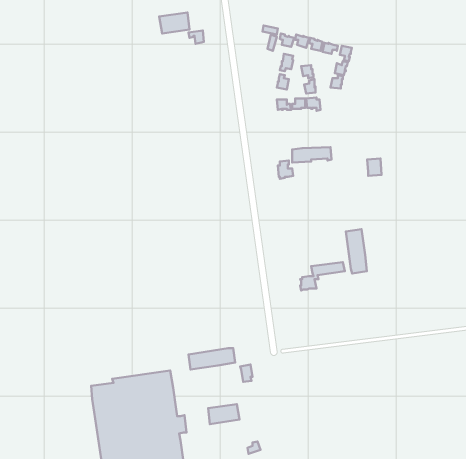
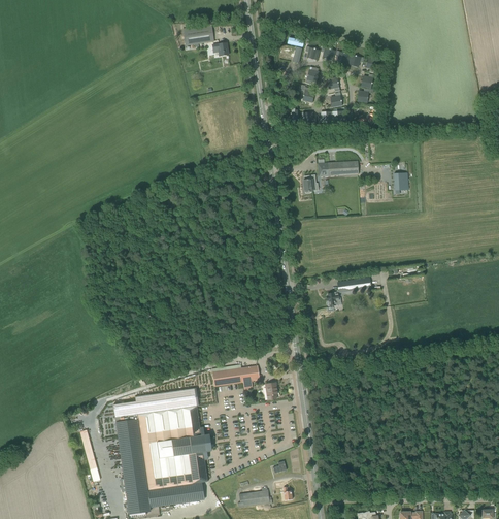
building: [346,229,367,273] -> none
building: [208,404,240,424] -> none

